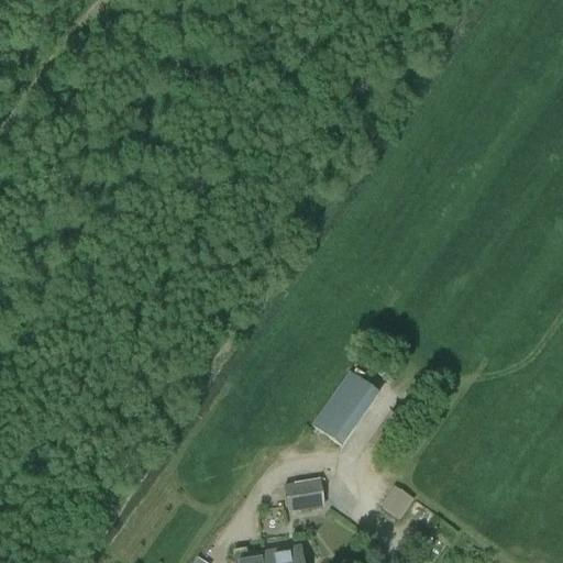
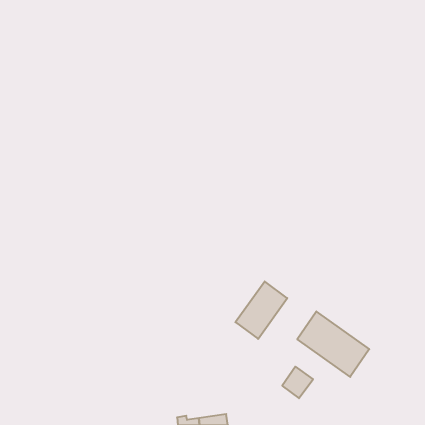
building: none -> [297,311,369,377]
building: [285,479,325,512] -> none

